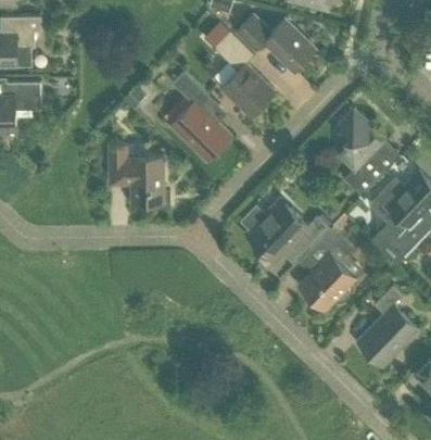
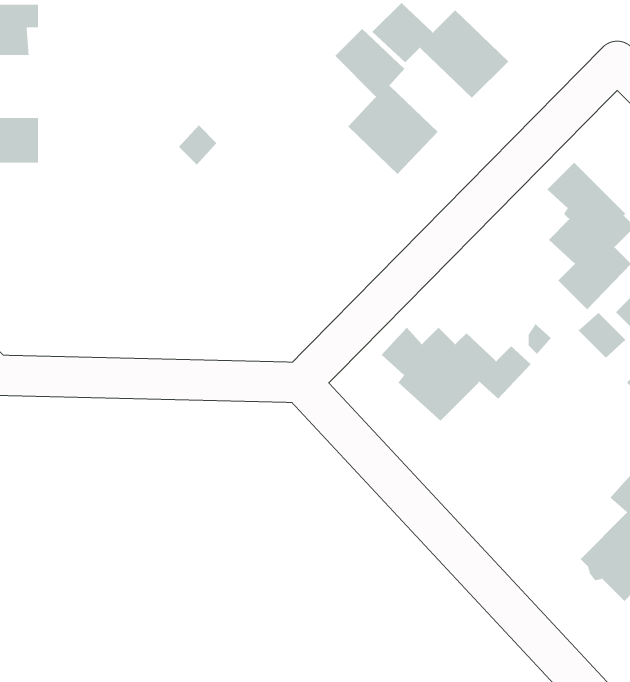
building: [170,71,232,161] -> none
building: [110,146,170,208] -> none
building: [297,226,356,310] -> none

